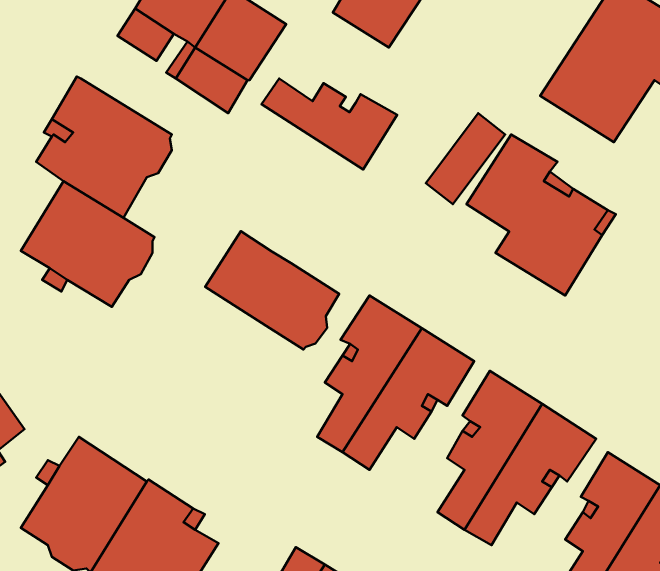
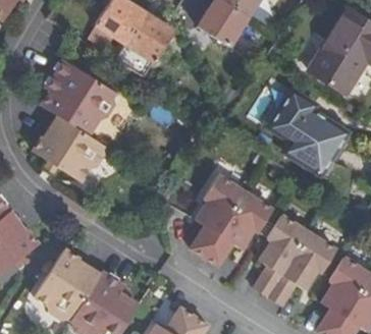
building: [261,78,397,170] -> none
building: [205,231,339,349] -> none

